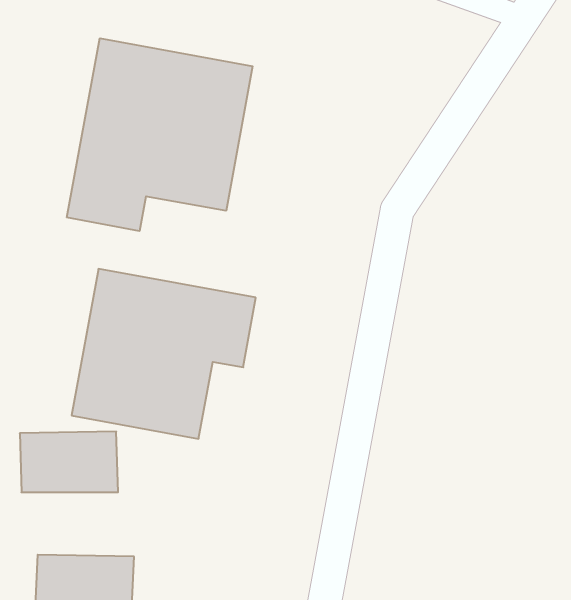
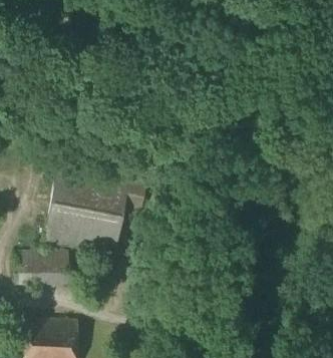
building: [67,38,253,231] -> none

